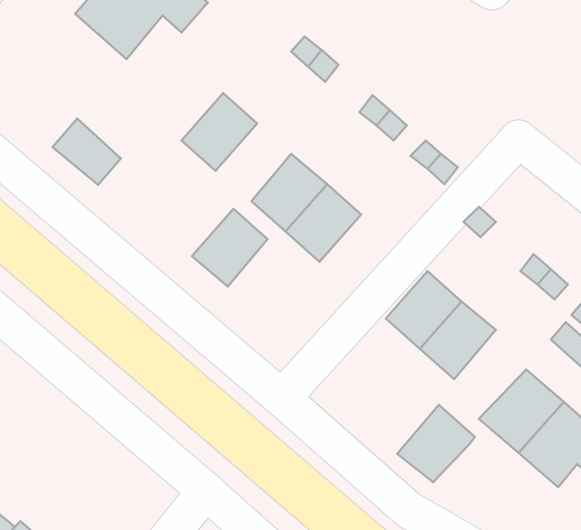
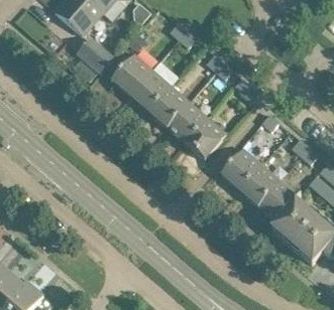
building: [53,119,121,185] -> [77,36,113,71]
building: [192,209,267,286] -> [129,68,170,110]
building: none -> [185,117,225,158]
building: [397,405,475,482] -> [256,178,298,219]

